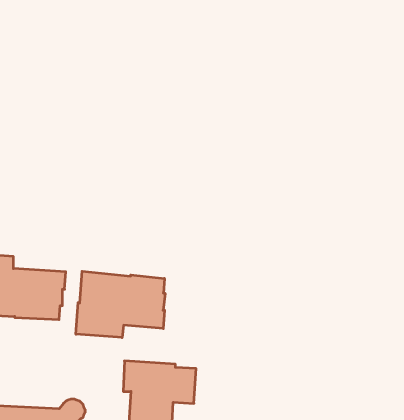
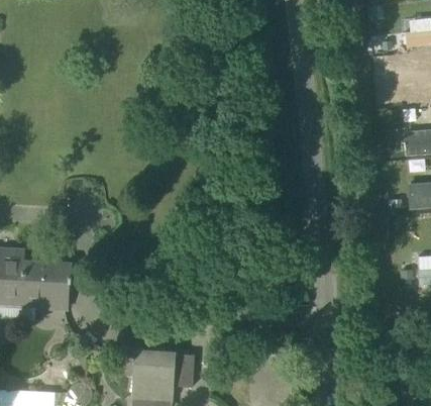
building: [76,271,165,338] -> none

